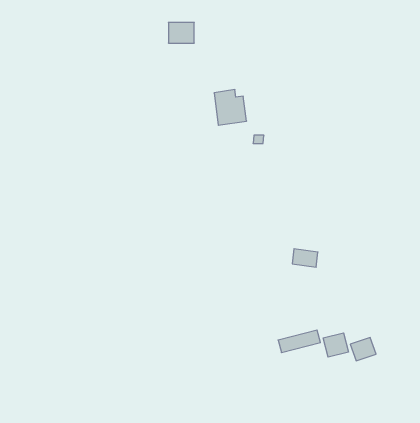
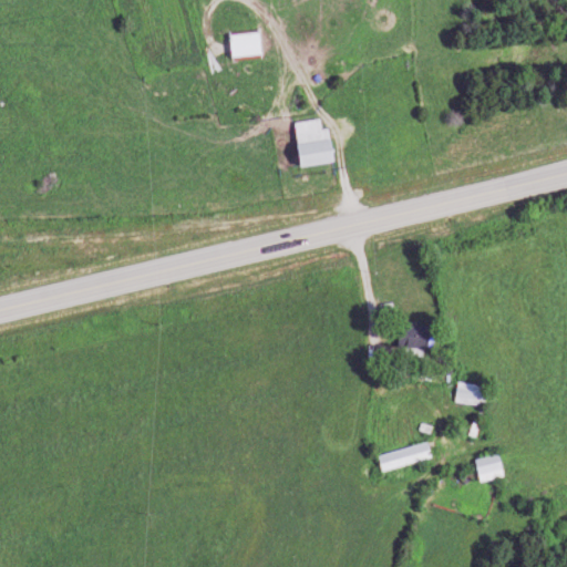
building: none -> [456,382,488,403]
building: [323,333,348,357] -> none

